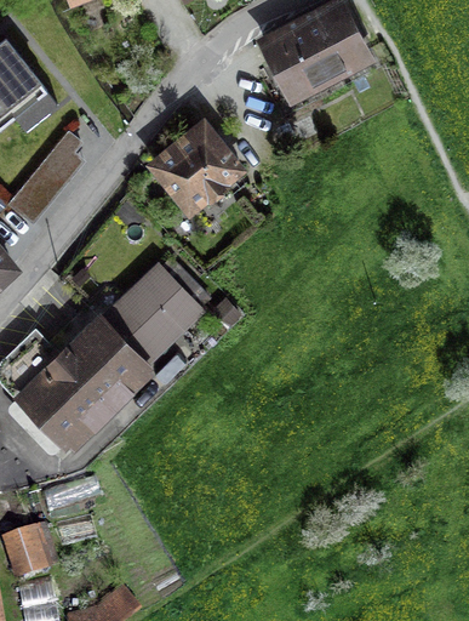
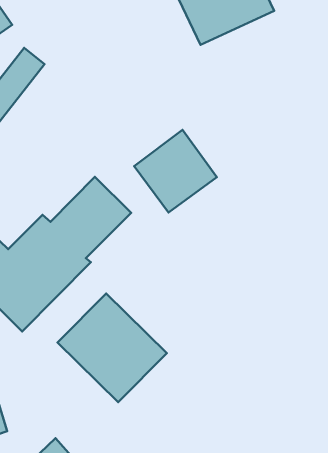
building: [144,118,244,217] -> [134,130,217,212]
building: none -> [58,293,167,402]

